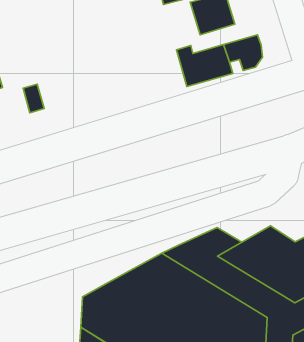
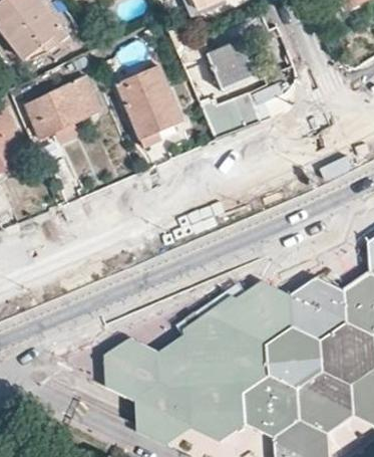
building: none -> [24,75,99,148]
building: none -> [118,67,183,149]
building: none -> [103,338,159,400]

